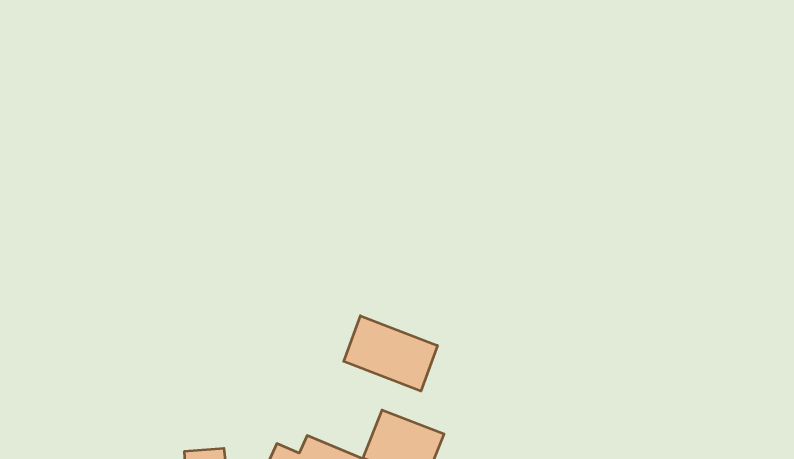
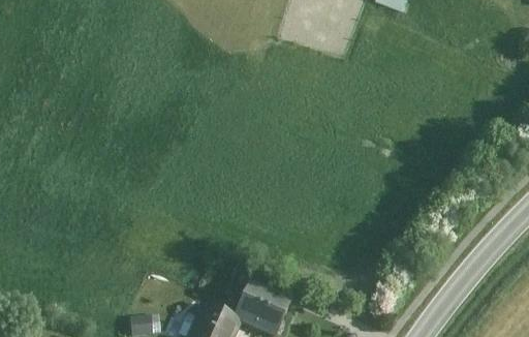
building: [344,316,437,391] -> none

